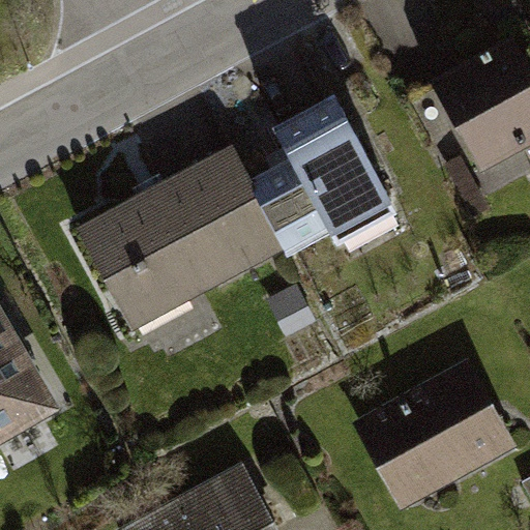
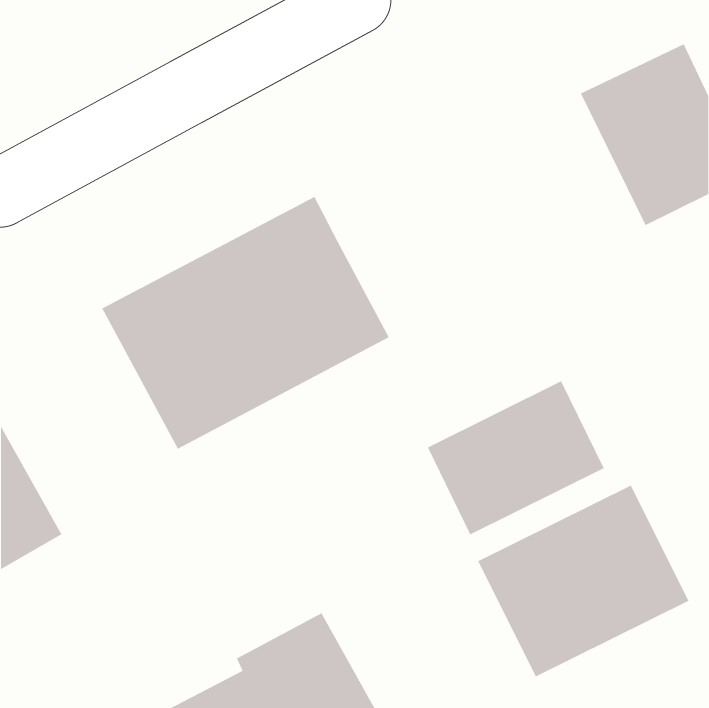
building: [253,96,396,253] -> none
building: none -> [427,380,605,535]

